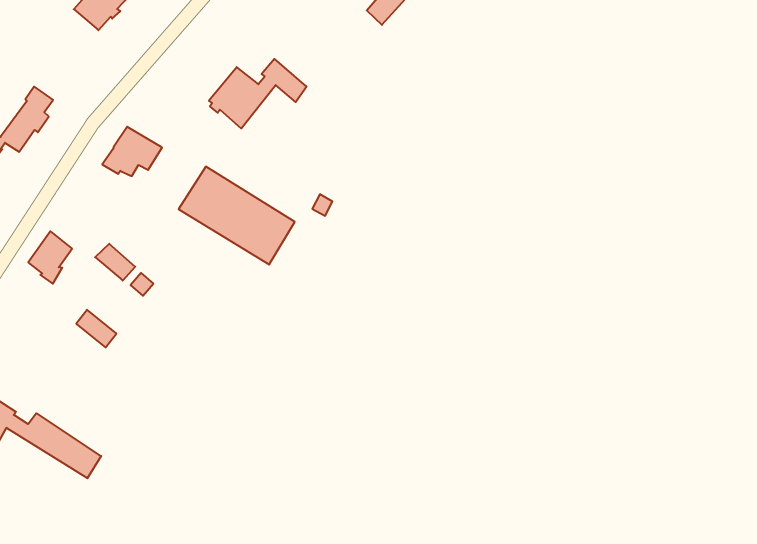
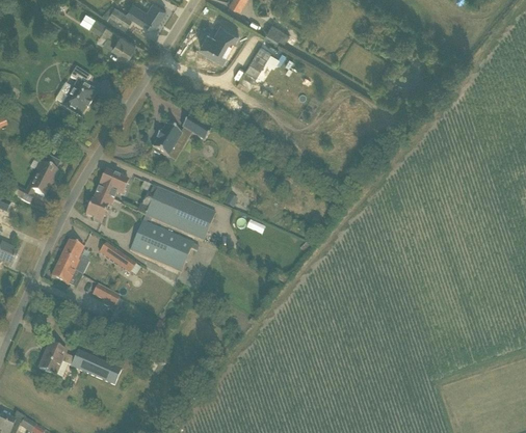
building: none -> [85,194,112,221]
building: none -> [137,223,198,270]
building: none -> [50,260,82,287]

